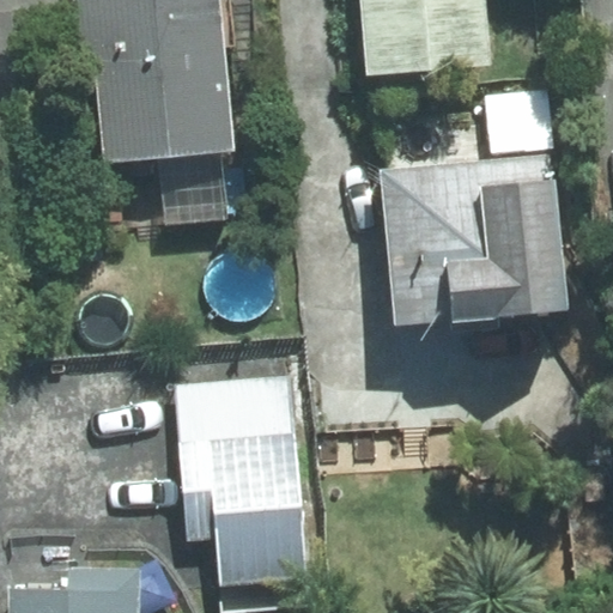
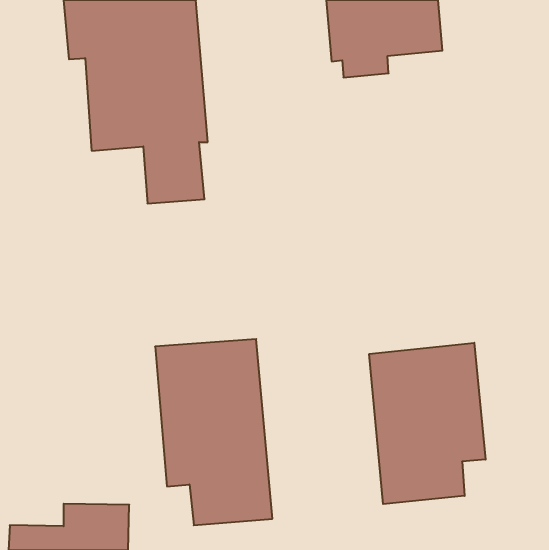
building: [388,157,573,324] -> none
building: none -> [369,343,486,504]

